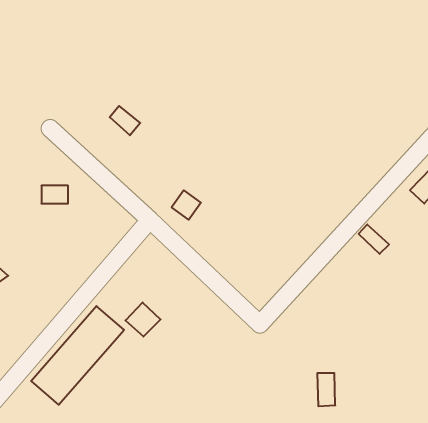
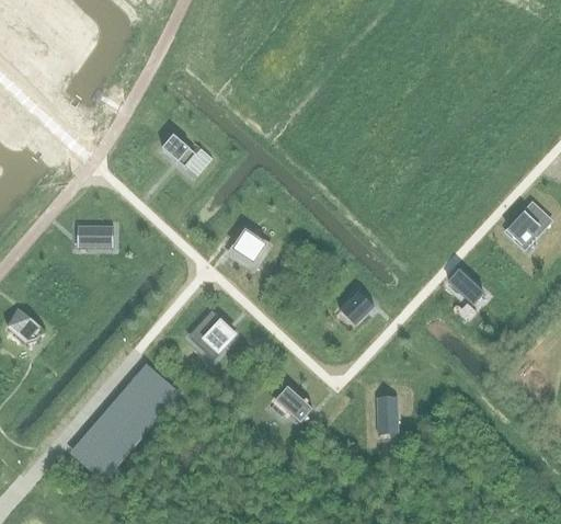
building: none -> [339,291,374,324]
building: [125,302,161,337] -> [192,315,232,354]
building: none -> [275,386,312,422]
building: [317,373,335,406] -> [377,396,398,434]

